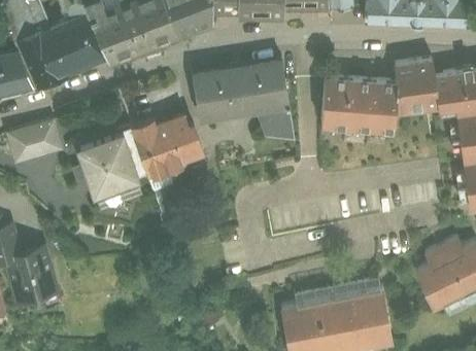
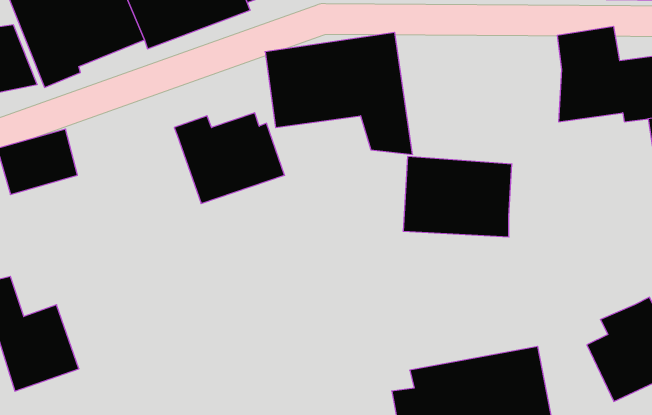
building: [321,76,397,132] -> [403,157,512,237]
building: [73,127,147,207] -> none

